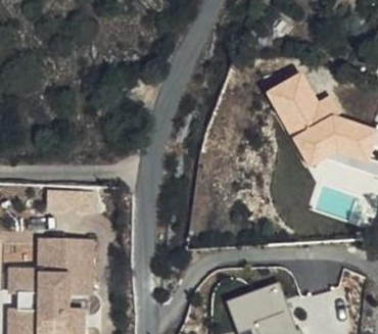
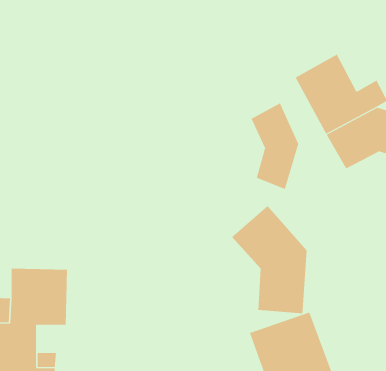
building: none -> [251,103,299,190]
building: none -> [231,205,307,314]

